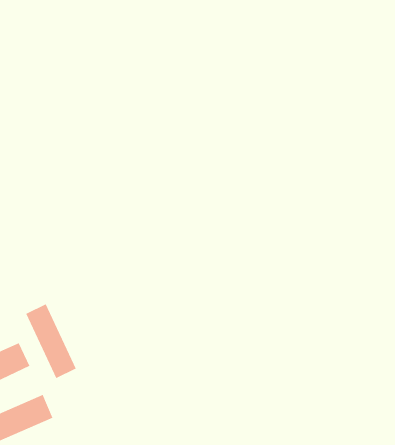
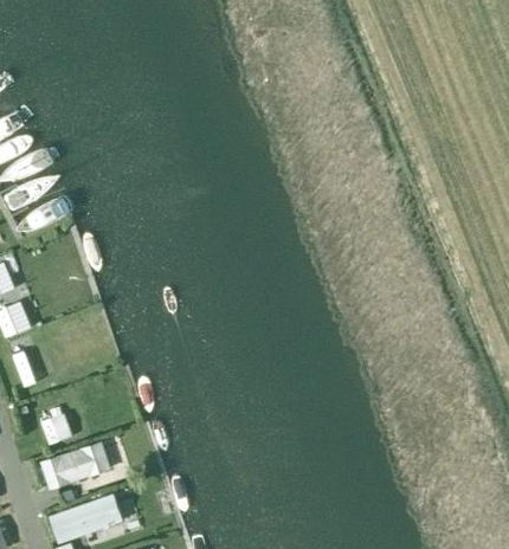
building: [25,303,77,379] -> none

